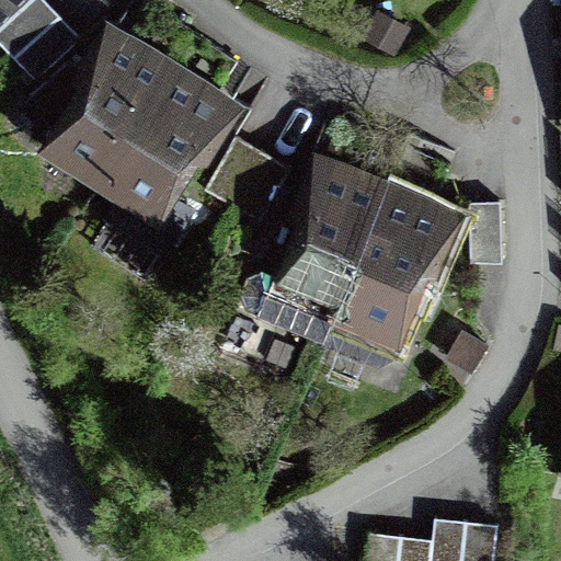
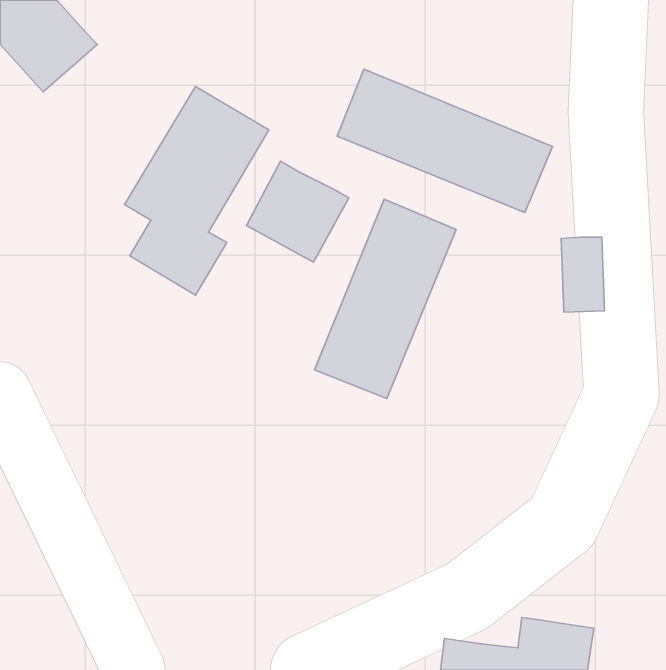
building: [51,38,167,171] -> none
building: none -> [337,69,552,213]
building: [327,192,451,360] -> none

